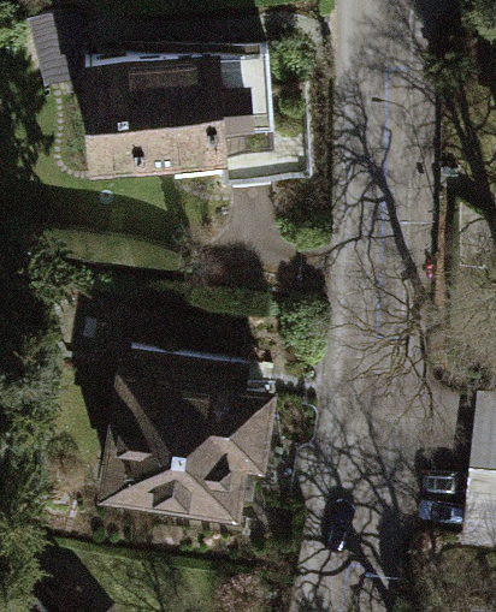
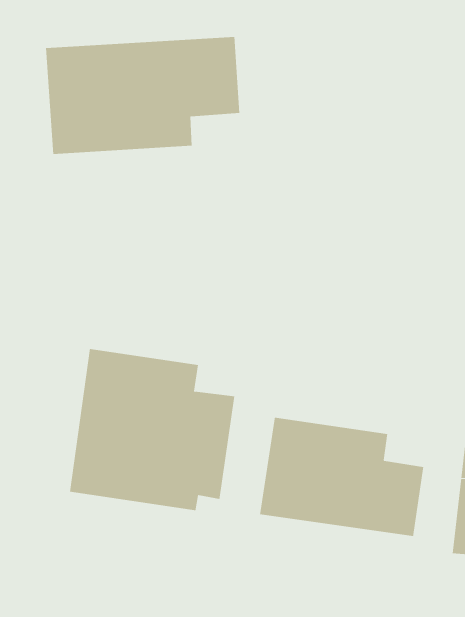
building: none -> [259,417,424,537]

